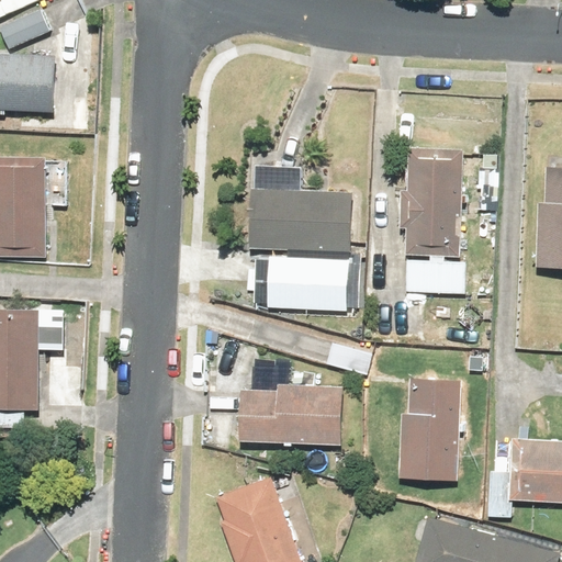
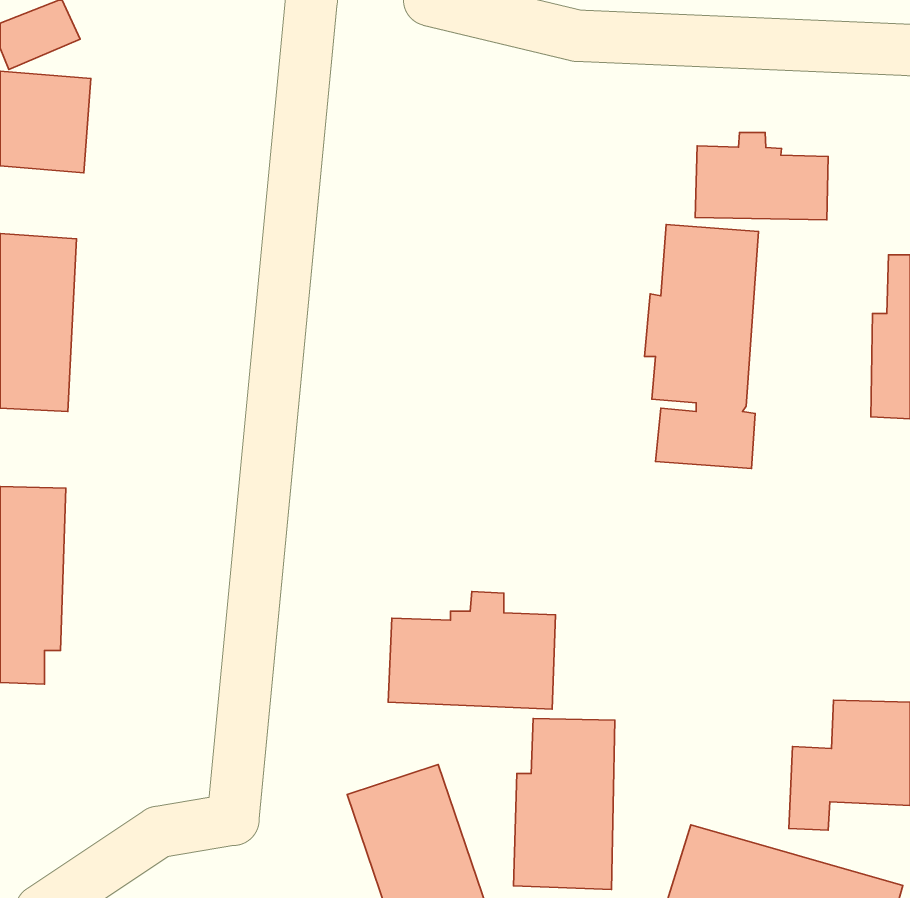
building: none -> [695,132,828,220]
building: [247,164,364,255] -> none
building: [266,256,347,315] -> none
building: [397,376,460,482] -> [513,718,615,889]

